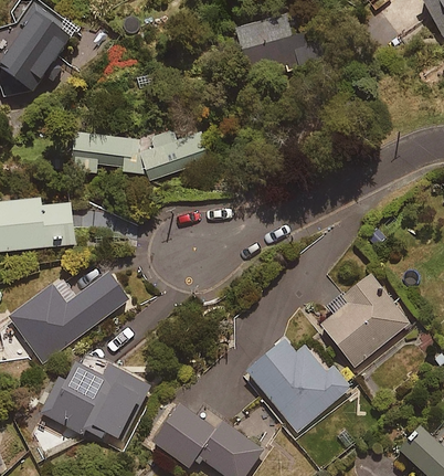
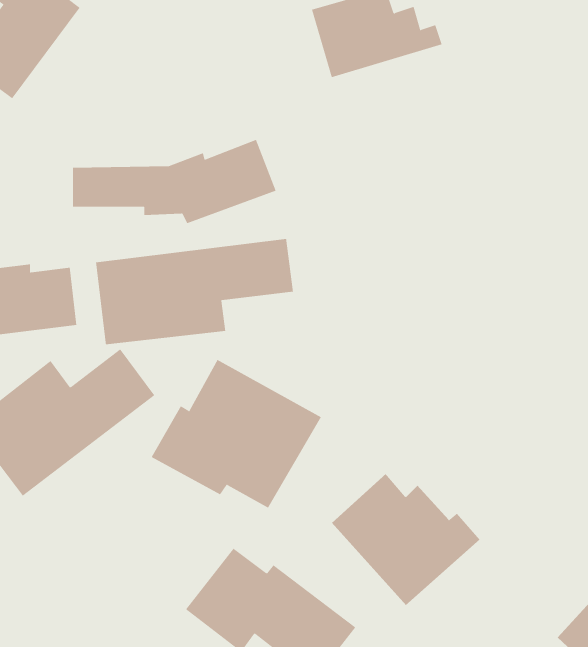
building: none -> [96,238,294,345]
building: [321,281,408,371] -> none
building: [39,342,152,442] -> [151,359,322,509]

